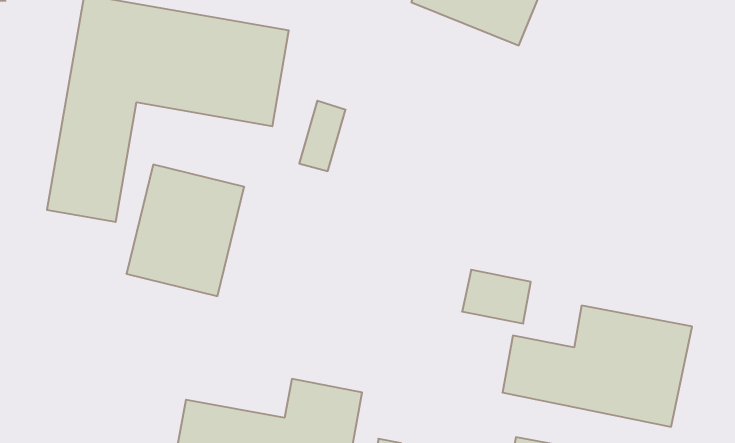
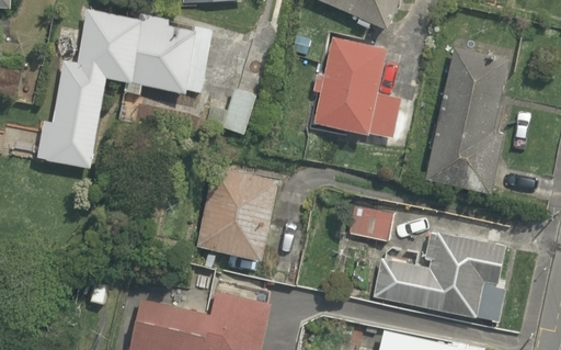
building: none -> [310,36,403,142]
building: none -> [423,48,505,189]
building: [126,165,244,296] -> [190,162,276,259]

